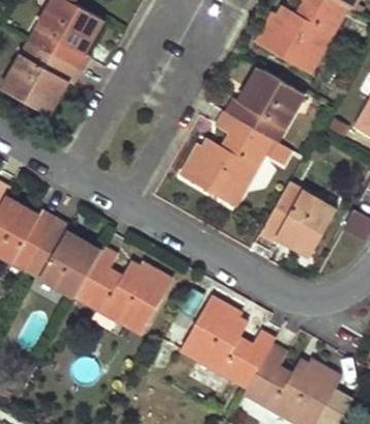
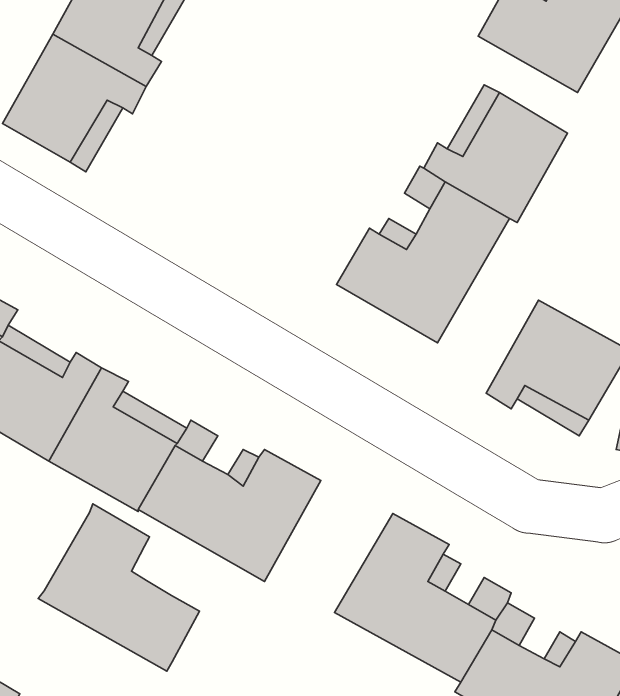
building: none -> [38,504,199,671]

